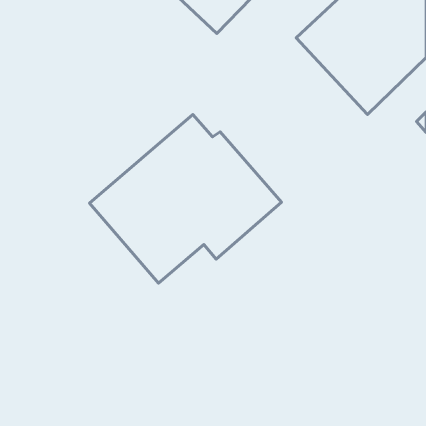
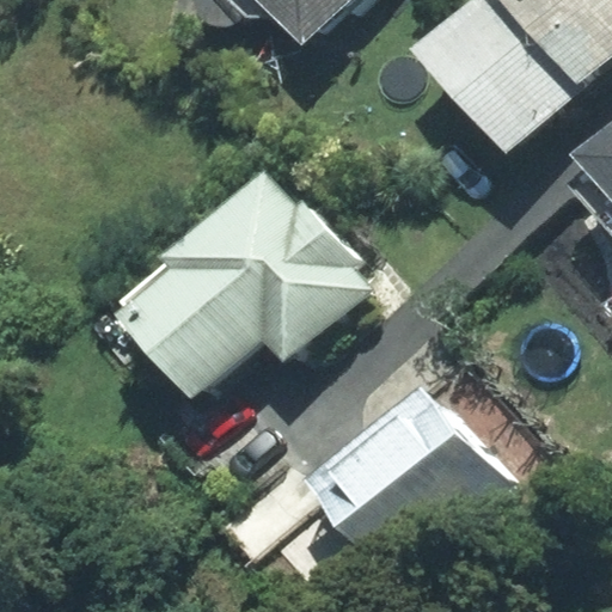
building: none -> [323,394,512,581]

